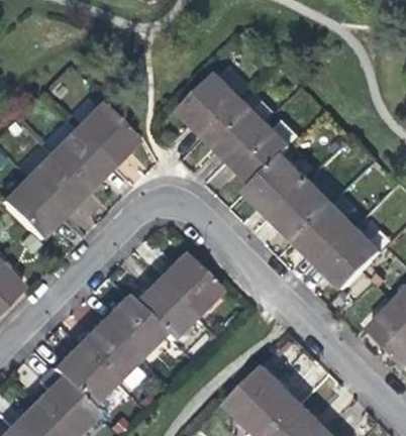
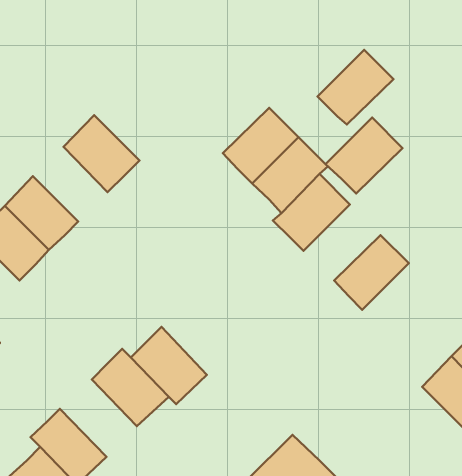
building: [182,75,244,136] -> [318,50,393,125]
building: [49,131,111,193] -> none
building: [273,179,336,241] -> [325,117,403,193]
building: [321,227,384,290] -> none
building: [156,255,218,319] -> none
building: [72,323,135,387] -> none

